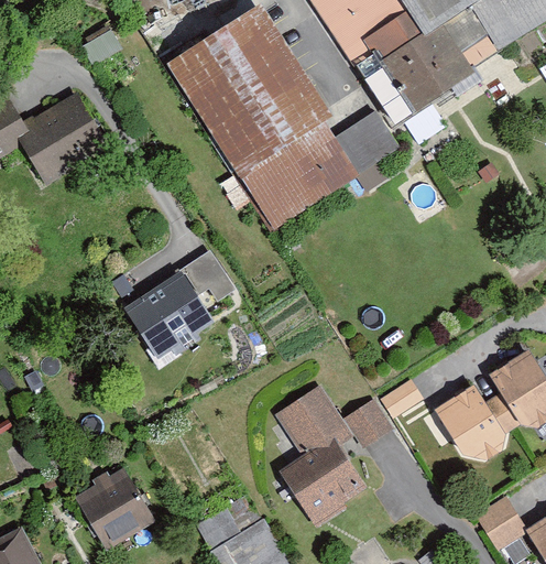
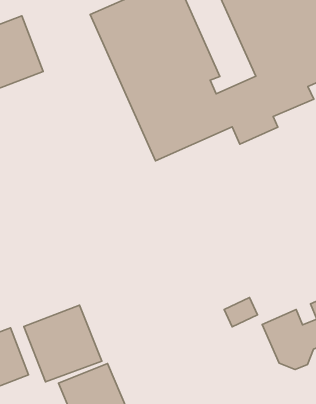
building: [118,248,237,359] -> none
building: [277,387,393,522] -> none
building: none -> [24,305,102,382]

